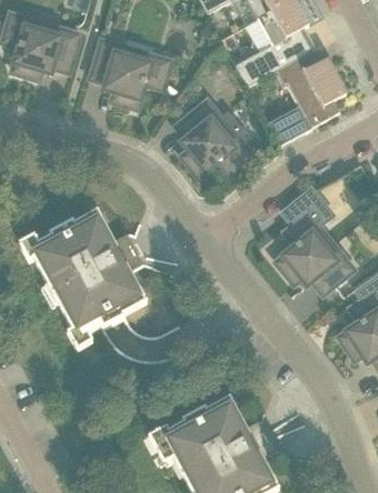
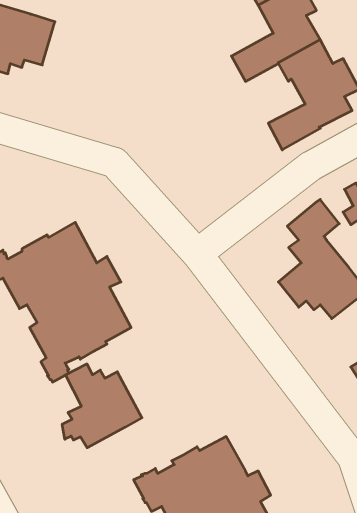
building: [90,39,171,108] -> none
building: [177,98,253,177] -> none
building: none -> [62,364,142,448]

